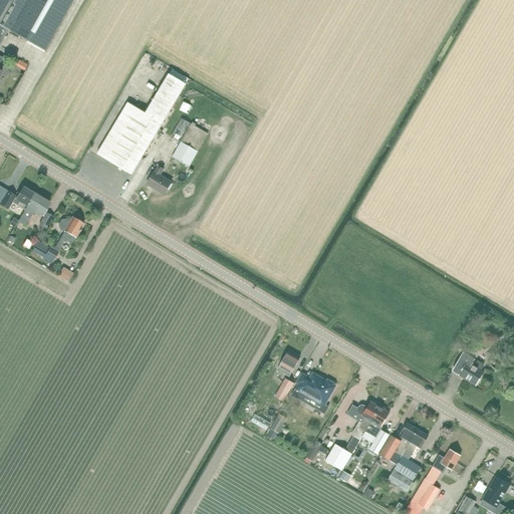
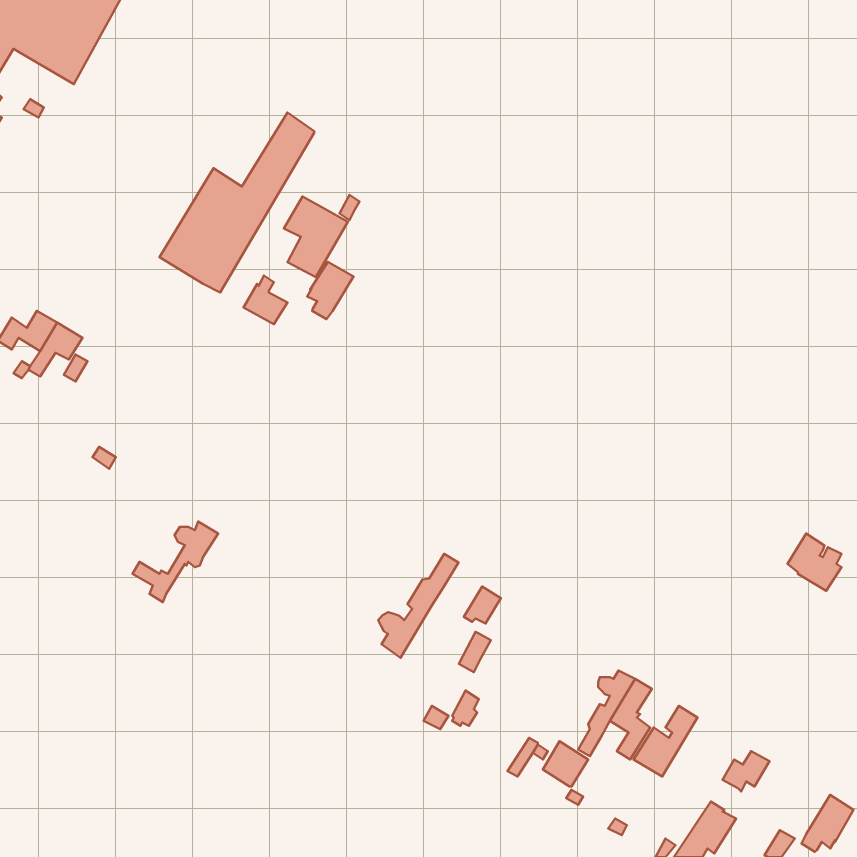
building: none -> [307,262,353,319]
building: [32,216,83,264] -> [133,522,218,602]
building: none -> [378,554,459,658]
building: [452,351,484,386] -> [788,534,841,591]
building: [291,372,334,404] -> none
building: [387,429,428,493] -> none

